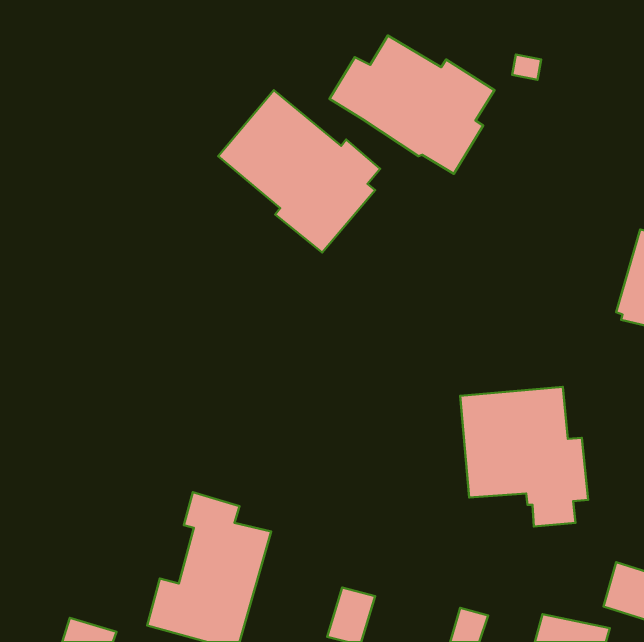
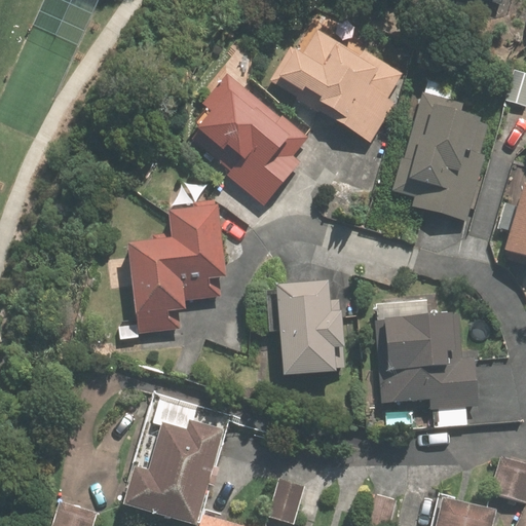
building: none -> [393,78,488,220]
building: none -> [125,197,226,332]
building: none -> [265,281,344,377]

